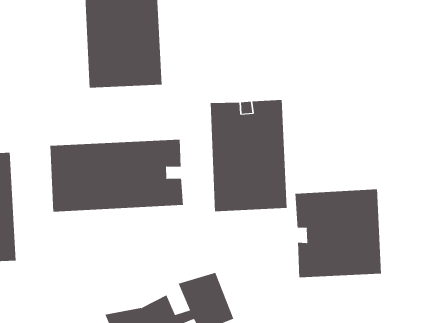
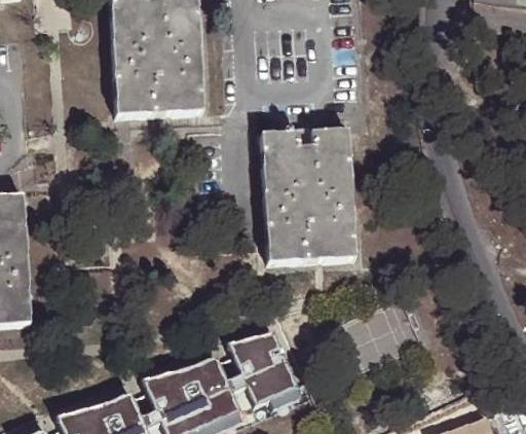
building: [50,139,183,213] -> none
building: [295,188,382,278] -> none

